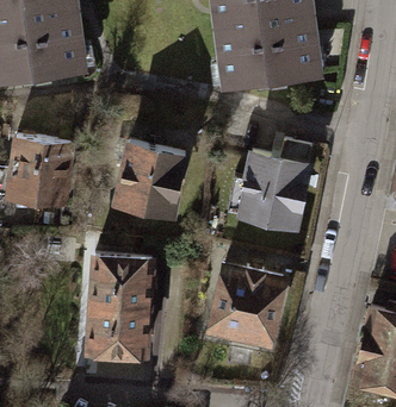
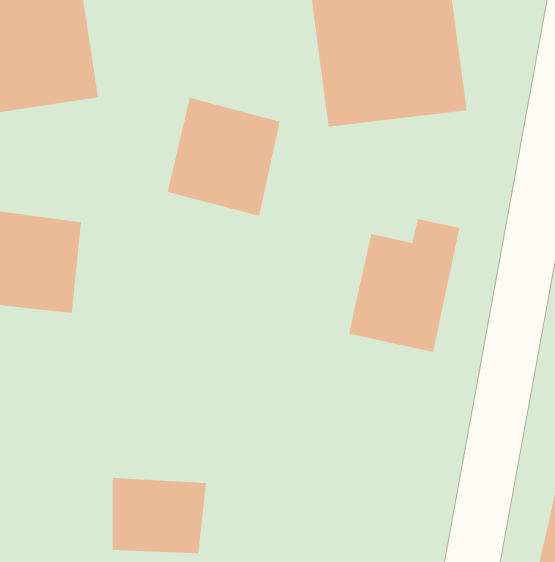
building: [116,143,188,219] -> [167,97,280,216]
building: [89,257,154,311] -> none
building: [212,267,285,345] -> none

